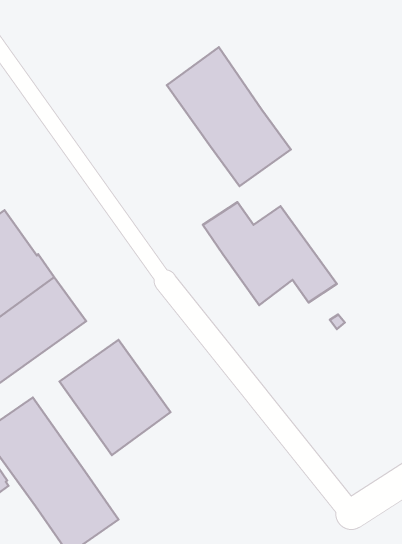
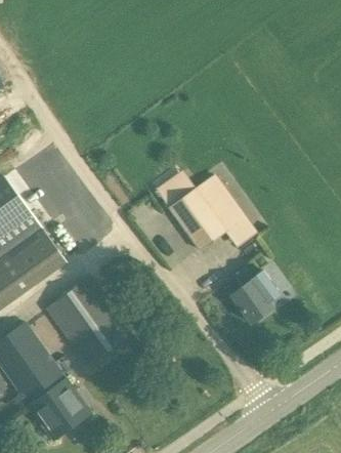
building: [167,47,291,186] -> none
building: none -> [229,267,282,324]

